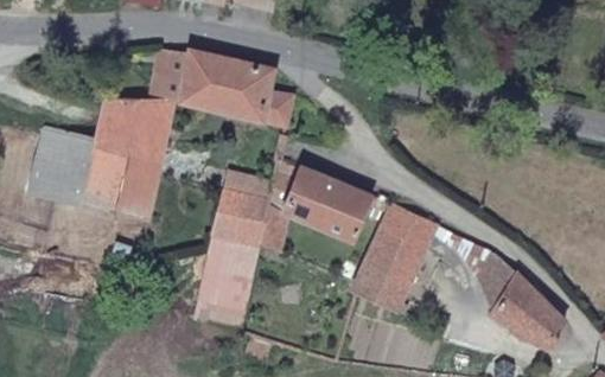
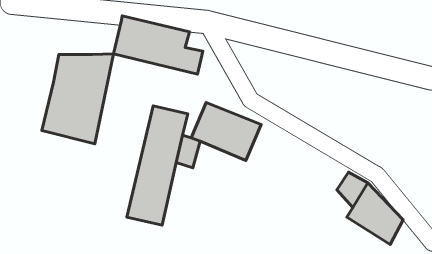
building: [147,47,186,100] -> none
building: [28,126,95,202] -> none
building: [350,211,435,315] -> none

